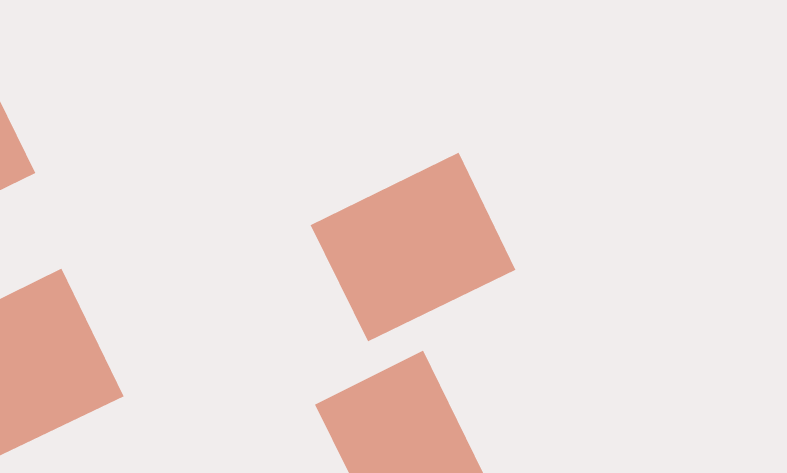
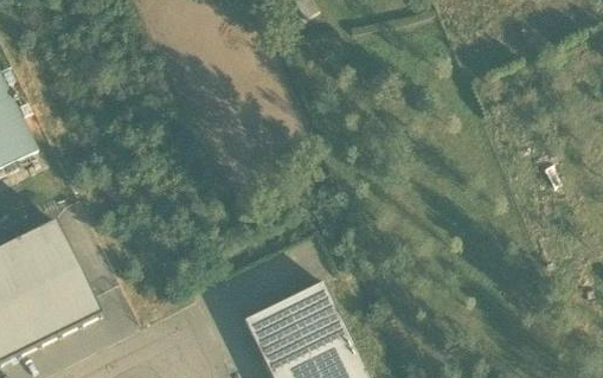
building: [310,152,516,342] -> none

